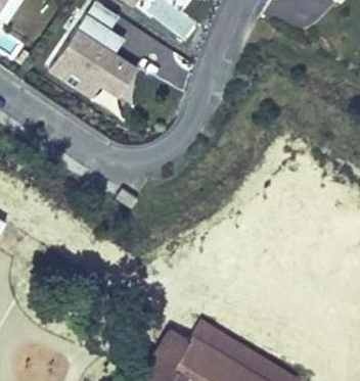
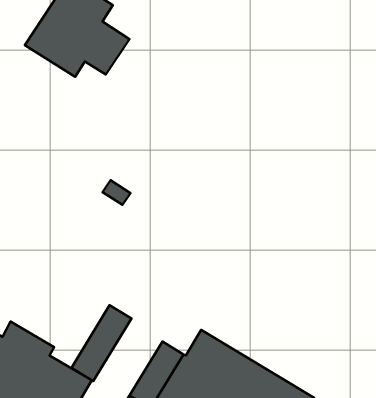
building: none -> [71,305,131,381]

